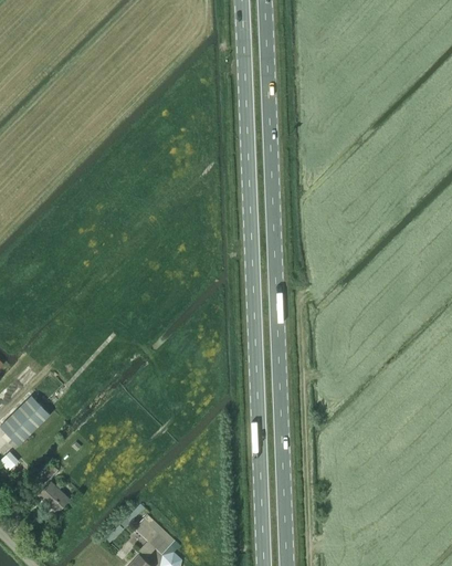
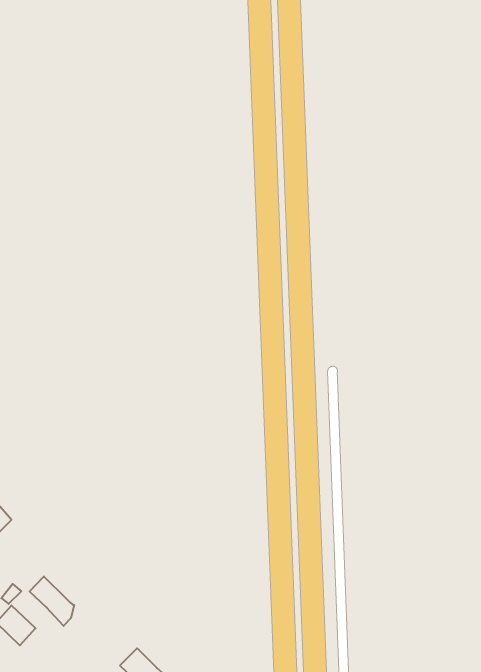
building: none -> [30,576,74,626]

